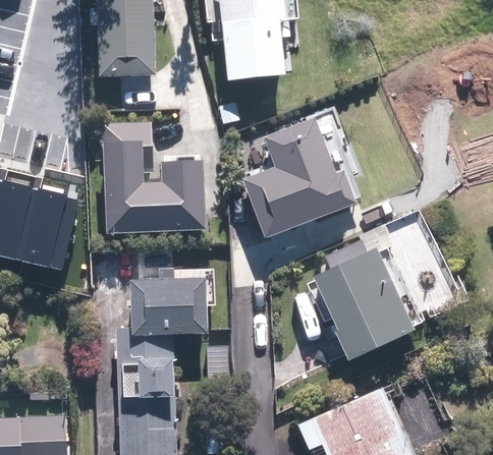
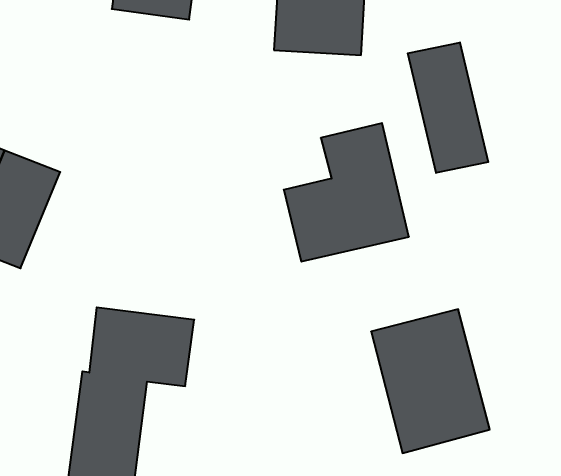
building: none -> [408,42,488,173]
building: [106,120,205,230] -> none

